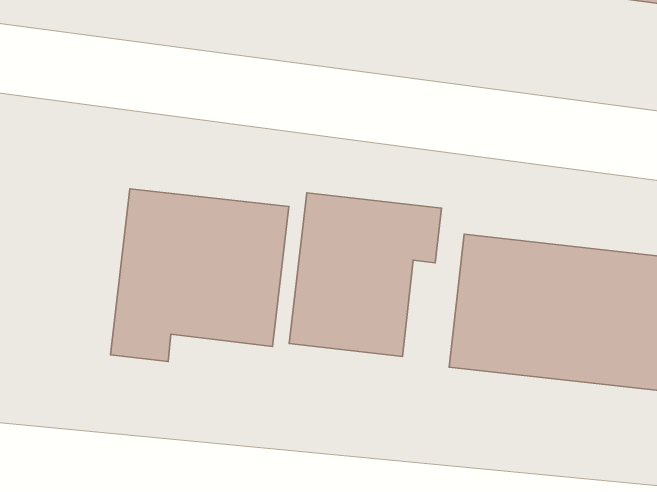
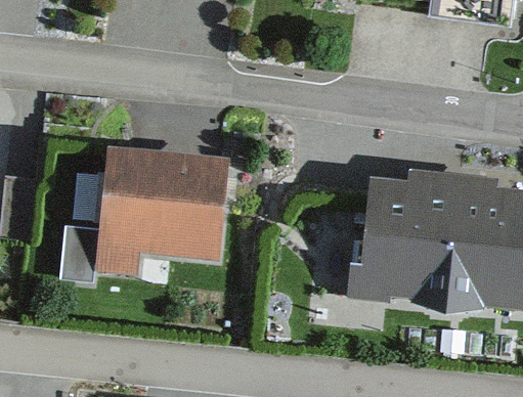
building: [289,193,441,356] -> none

